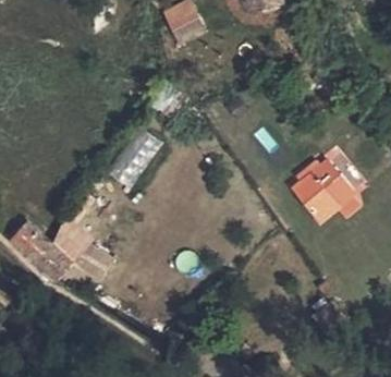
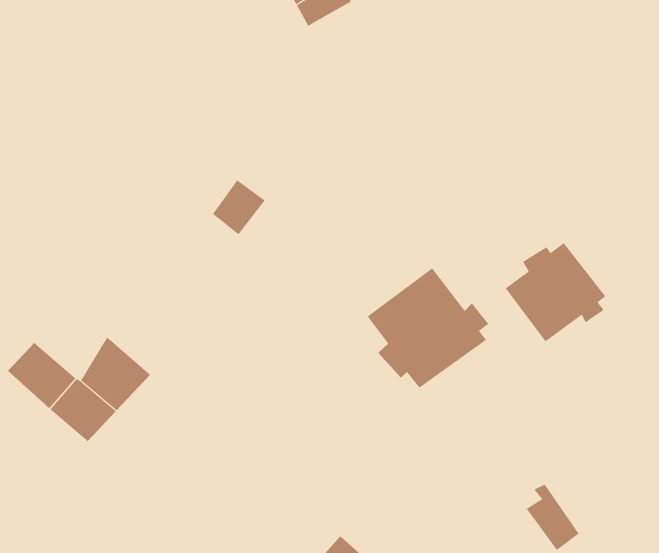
building: none -> [367,267,489,388]

